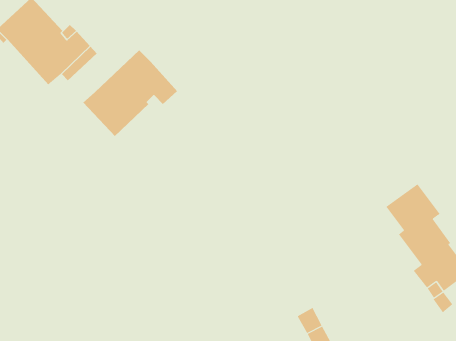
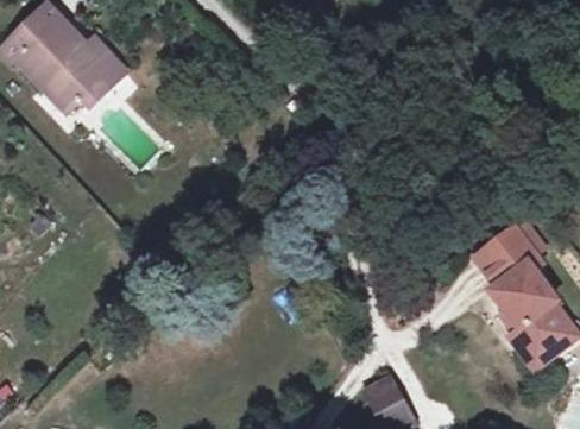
building: [82,50,178,137] -> none

